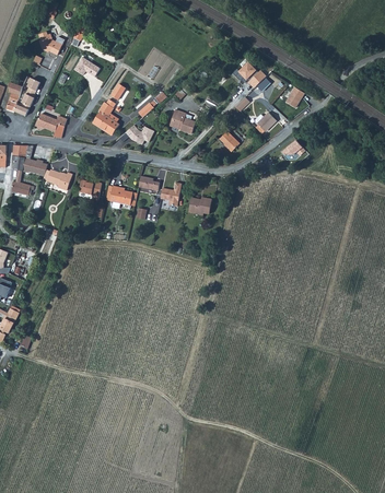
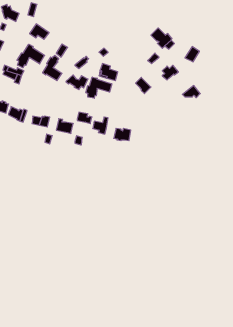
building: none -> [17,44,45,68]
building: none -> [86,77,112,98]

